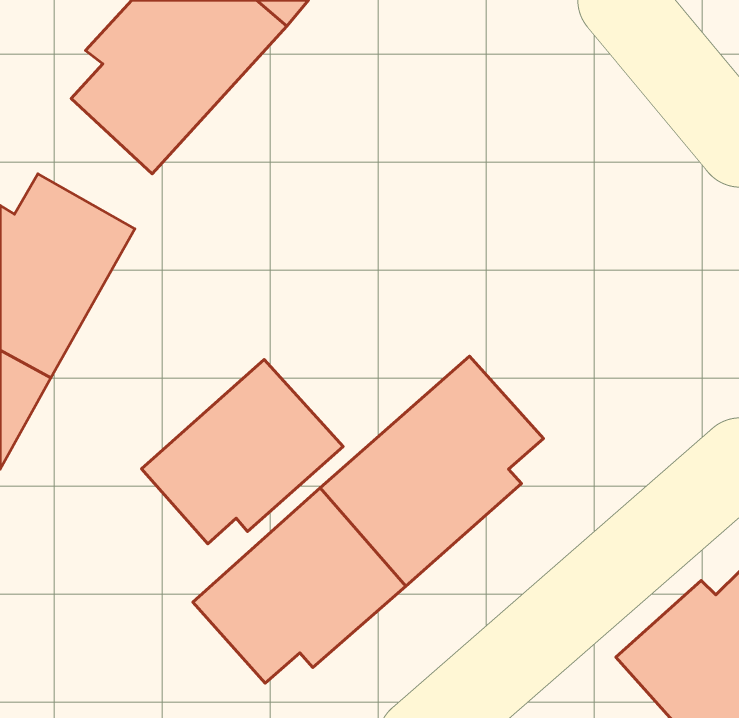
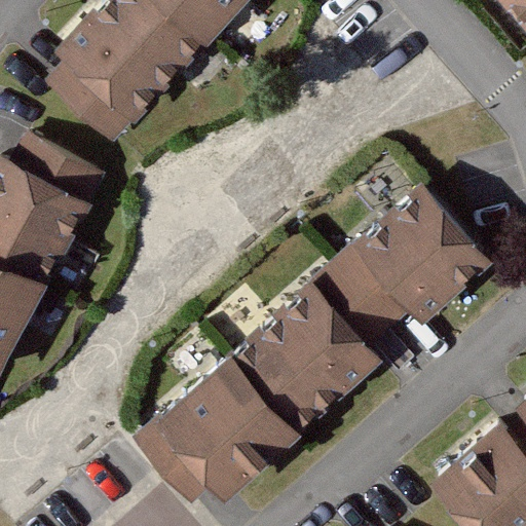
building: none -> [334,192,482,327]
building: [141,359,343,544] -> none

